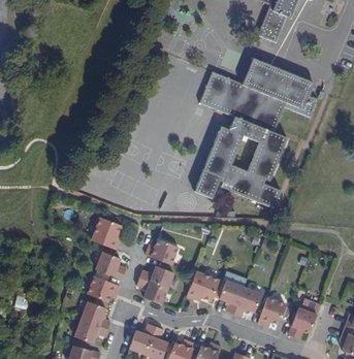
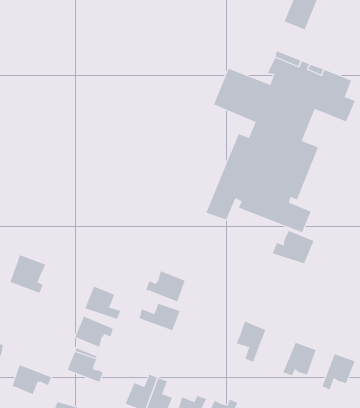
building: none -> [272,230,314,264]
building: [91,217,121,249] -> [9,255,46,294]
building: [187,270,219,301] -> none
building: [136,278,167,304] -> none
building: [233,287,261,316] -> none
building: [74,320,107,345] -> [12,365,52,395]

